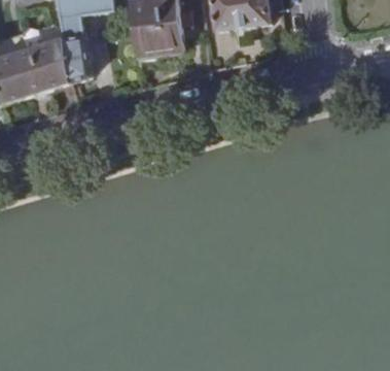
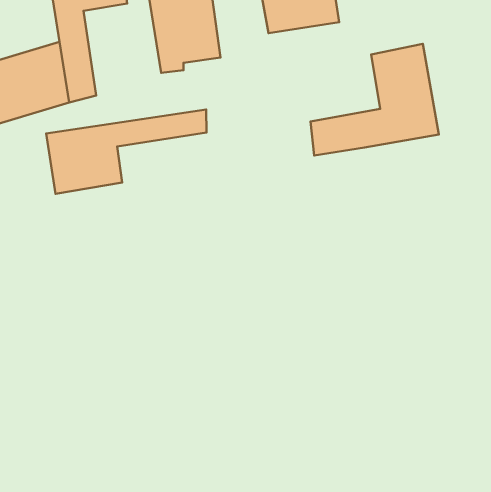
building: none -> [311,44,439,156]
building: none -> [46,110,207,194]

